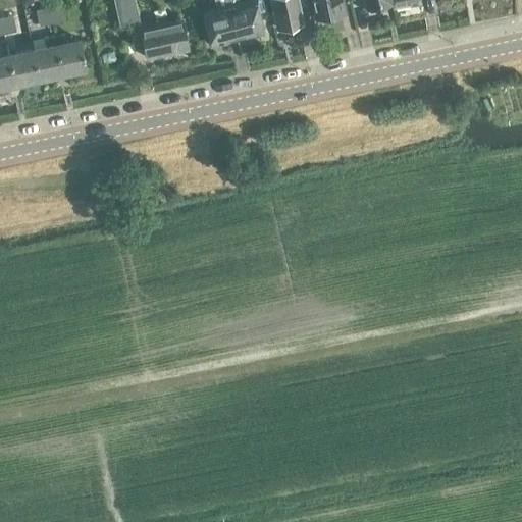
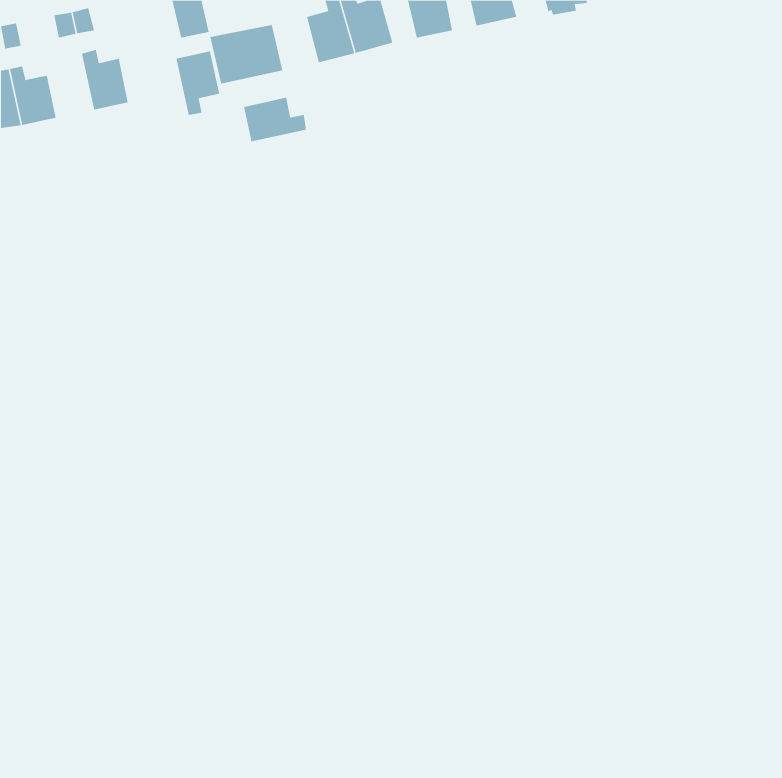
building: none -> [176,51,220,116]
building: [32,39,62,82] -> none
building: none -> [243,97,306,142]

